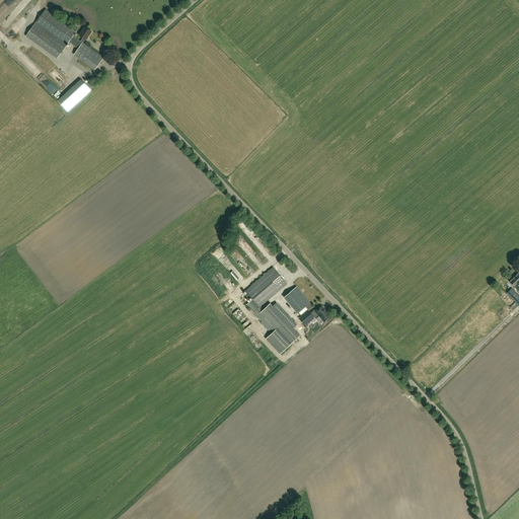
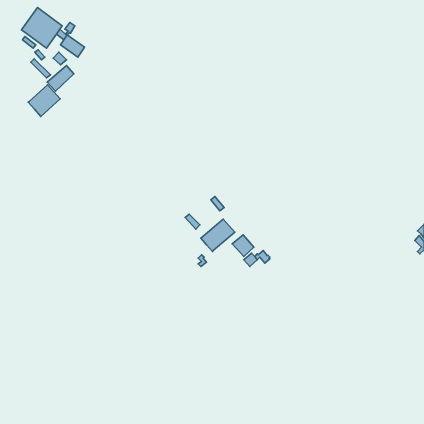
building: none -> [28,85,60,116]
building: [246,299,299,354] -> none

